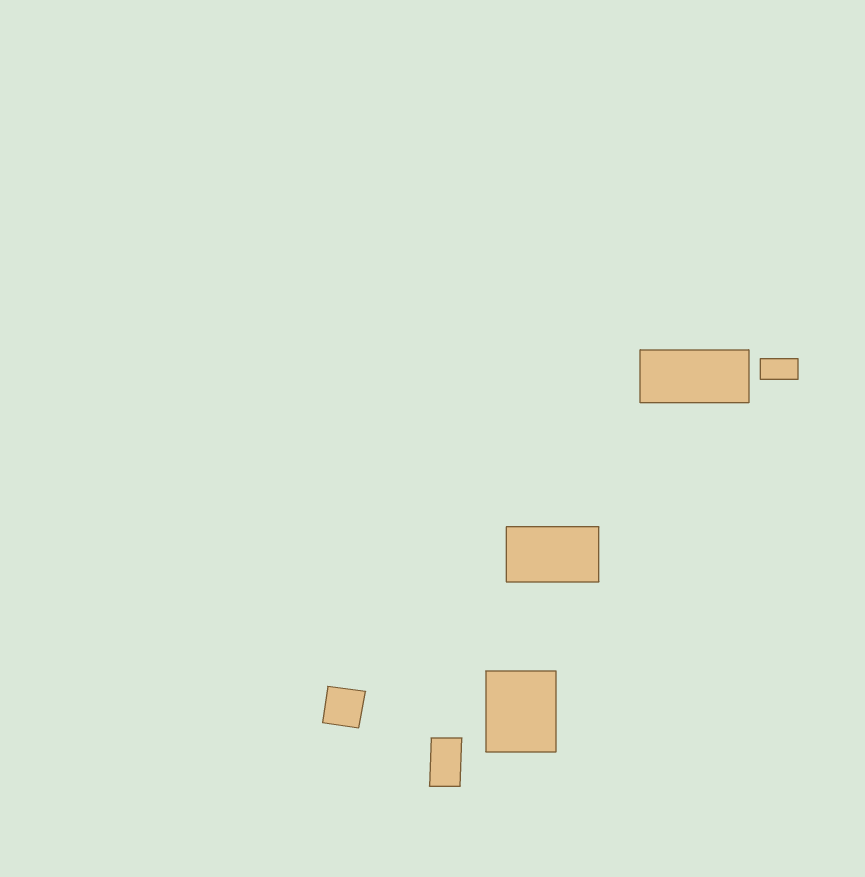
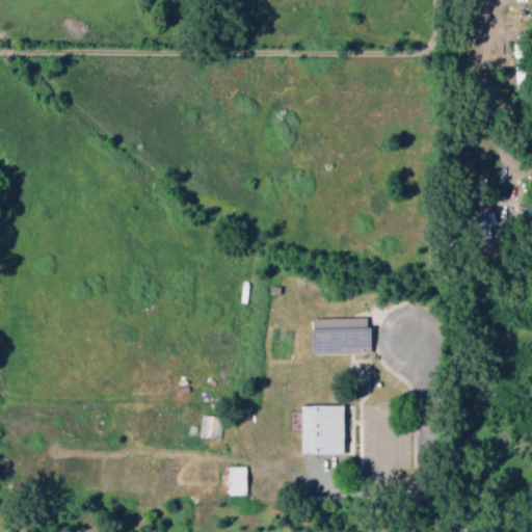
building: [640,350,749,403] -> none
building: [429,738,462,786] -> [230,468,249,497]

